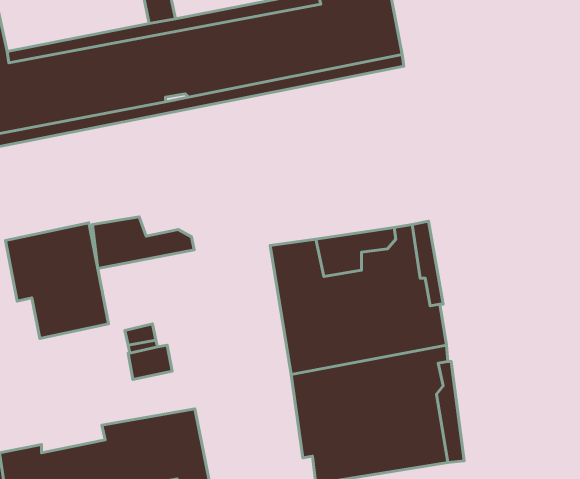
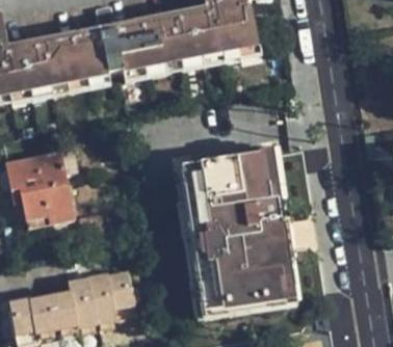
building: [93,217,194,269] -> none

